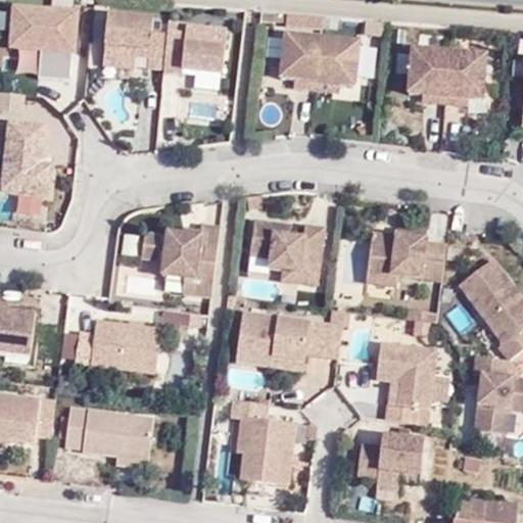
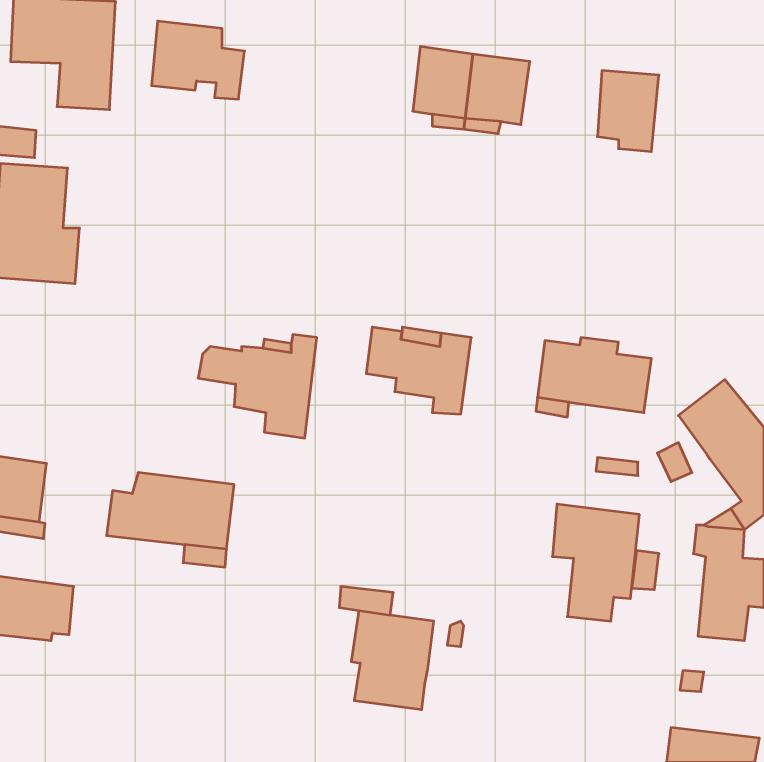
building: [162,26,225,75] -> none
building: [443,51,487,105] -> none
building: [236,315,341,371] -> none
building: [61,409,147,465] -> none
building: [356,435,422,494] -> none

